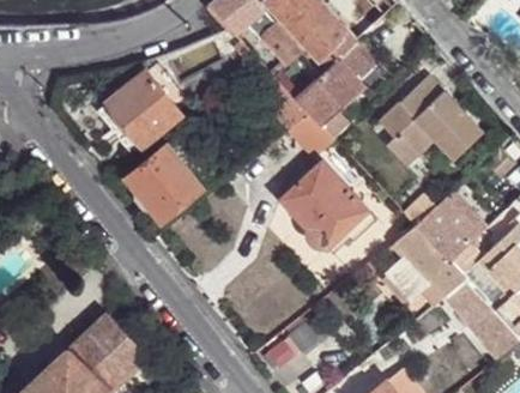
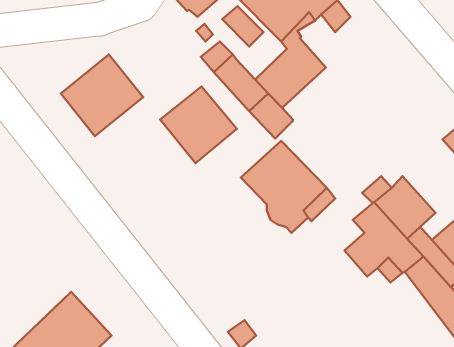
building: [377,75,480,167] -> none
building: [125,145,202,223] -> [160,87,237,163]

